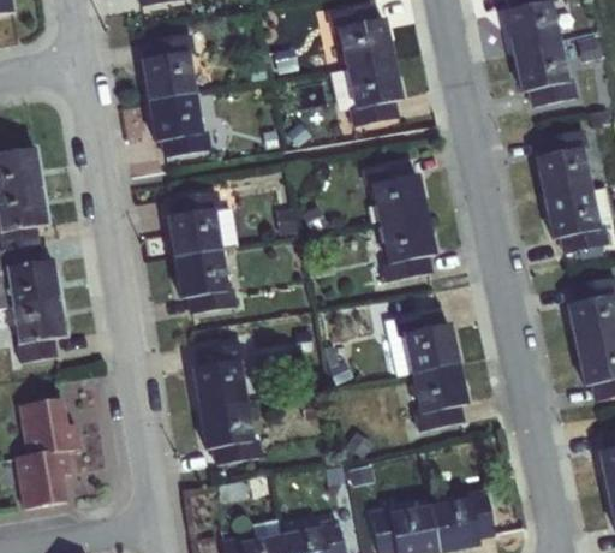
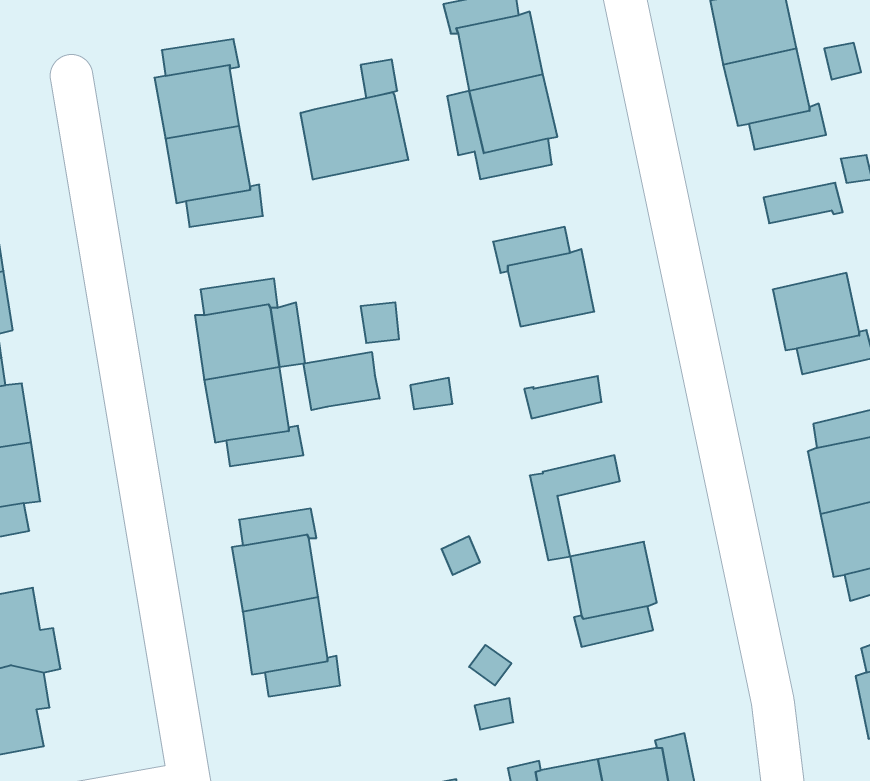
building: none -> [301,92,408,180]
building: [535,147,592,198] -> none
building: [380,213,436,263] -> none
building: none -> [304,352,380,410]
building: [404,322,460,373] -> none

